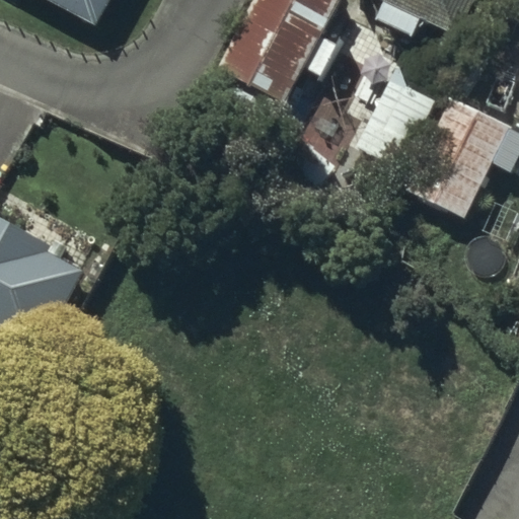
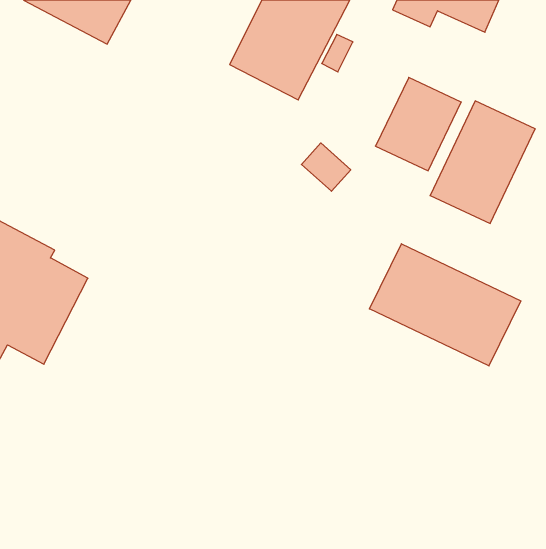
building: none -> [369,244,521,366]

